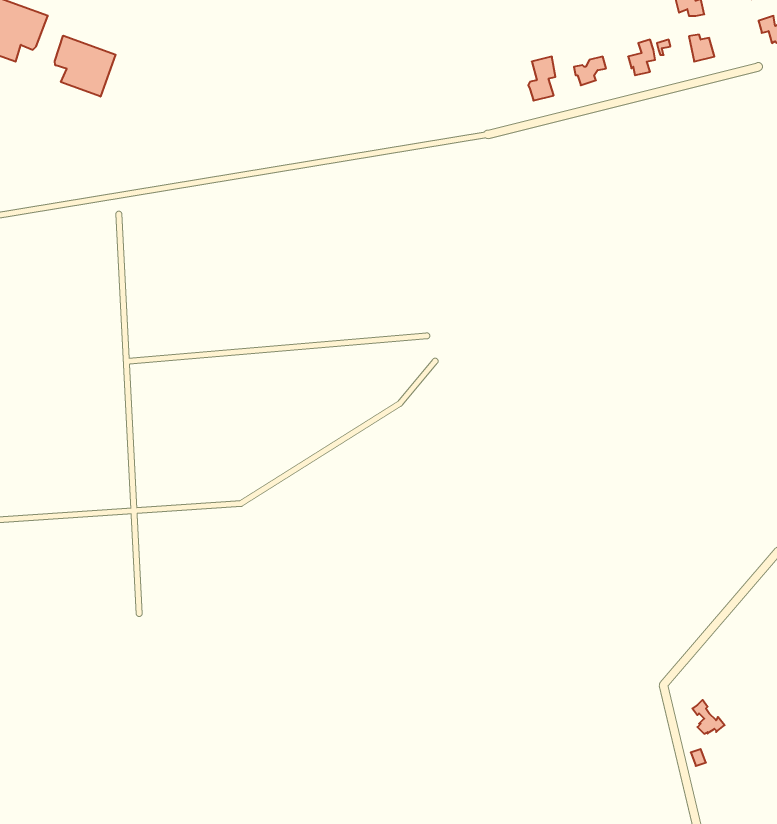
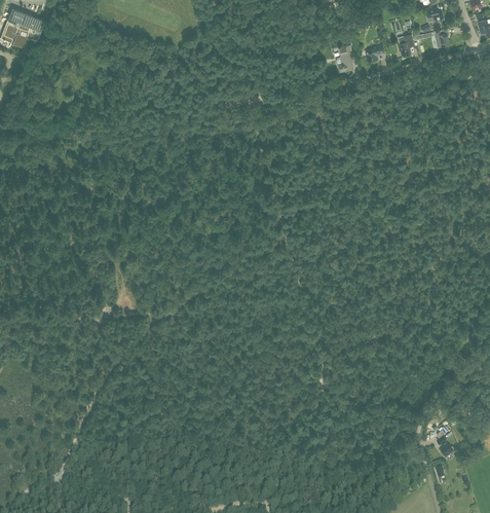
building: [55,36,116,97] -> none

